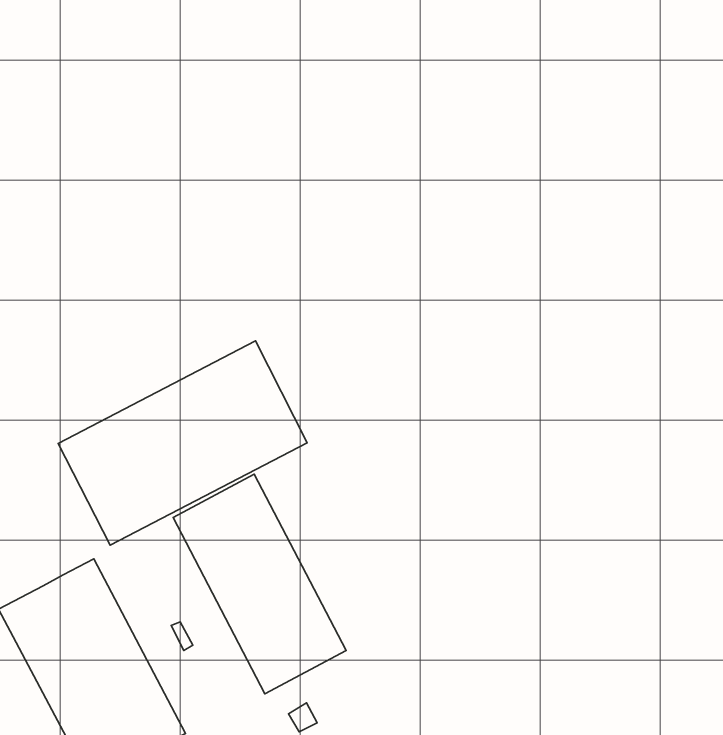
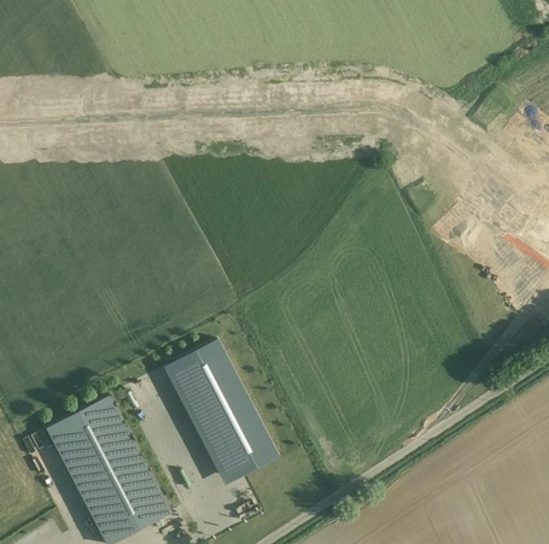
building: [58,341,307,545] -> none

